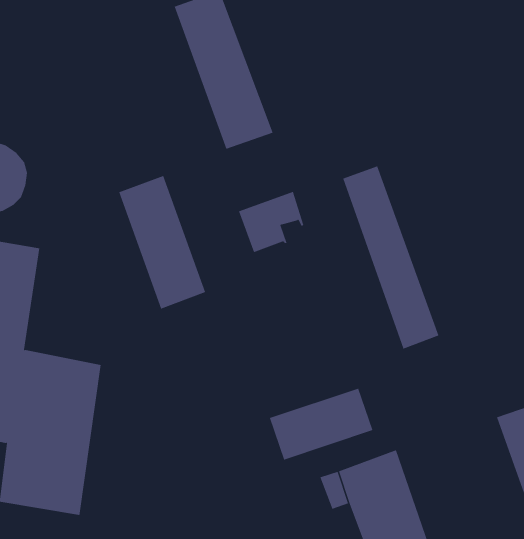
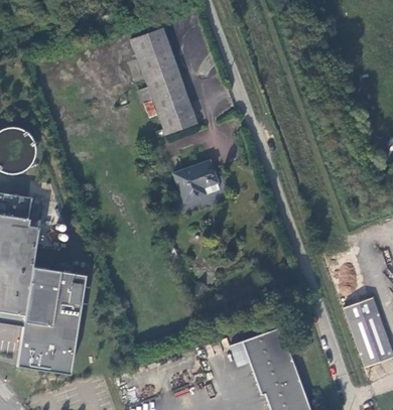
building: [342,165,439,350] -> none
building: [119,175,206,309] -> none
building: [269,388,373,460] -> none

